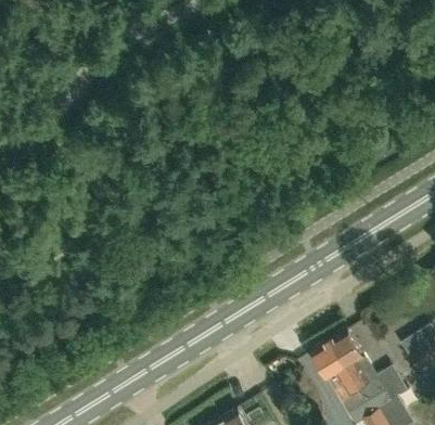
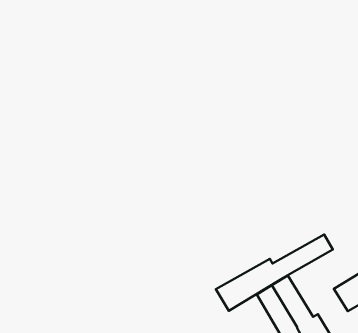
building: none -> [216,235,333,311]

